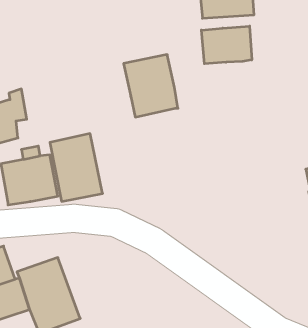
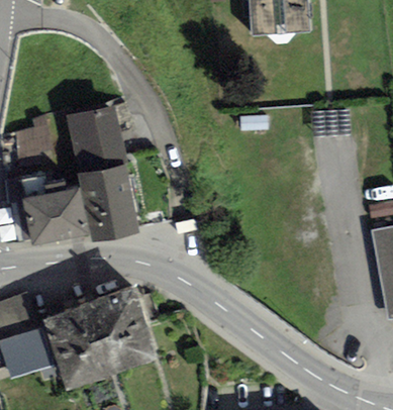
building: [201,26,252,64] -> none
building: [124,55,178,117] -> [66,104,127,175]
building: none -> [88,289,158,374]

